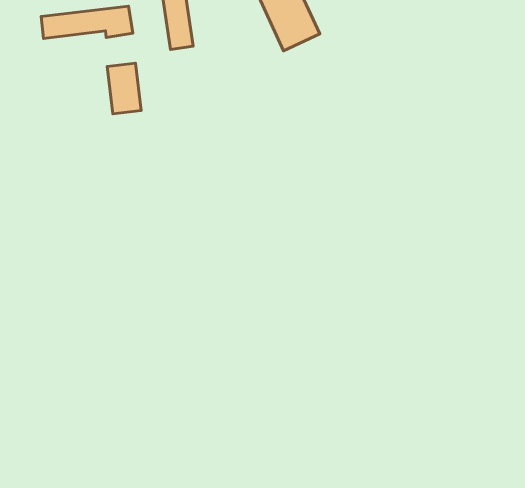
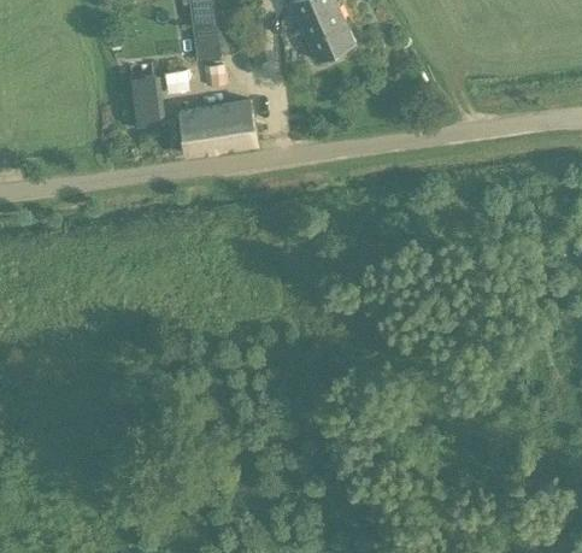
building: [41,6,133,38] -> none
building: none -> [180,100,258,154]

